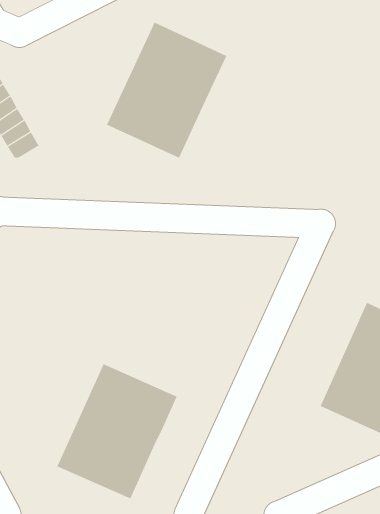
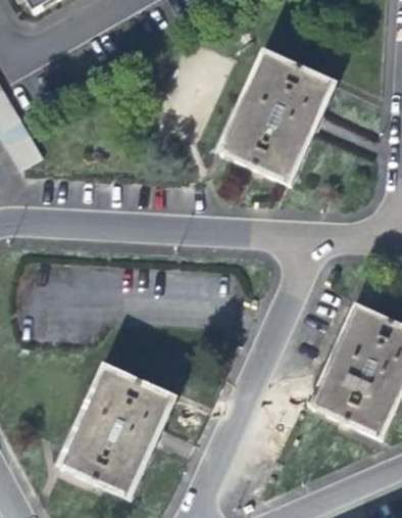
building: [106,22,227,159] -> [218,51,335,183]

